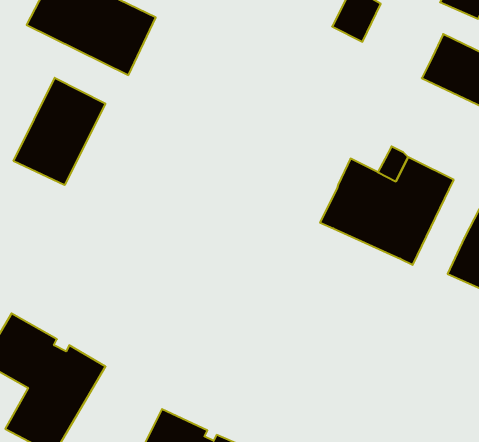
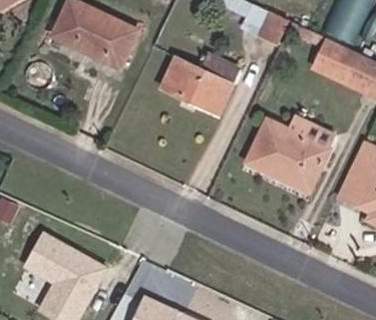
building: none -> [161,55,238,118]
building: [14,78,105,185] -> none

